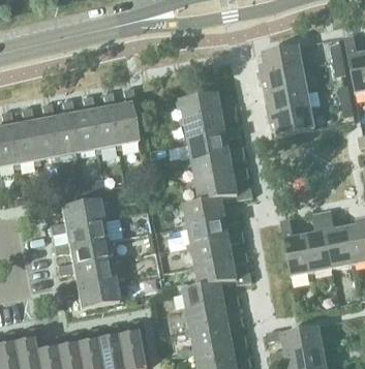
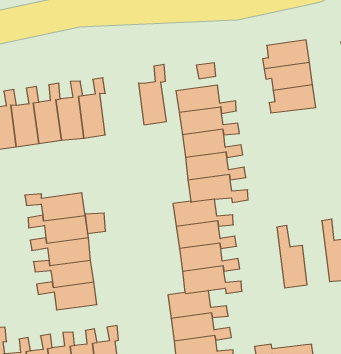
building: [110,86,138,143] -> [138,64,166,125]
building: [269,106,314,134] -> none
building: [305,211,332,271] -> none

